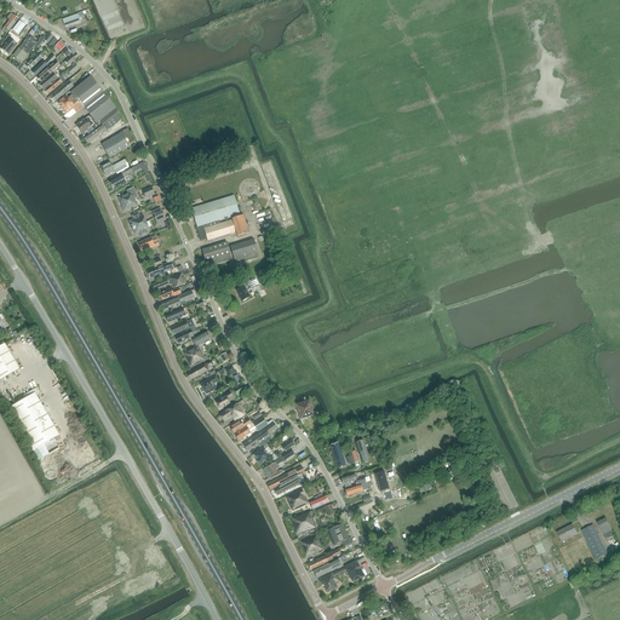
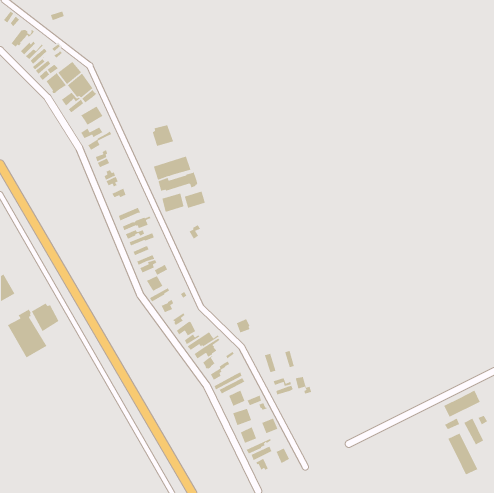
building: none -> [152,124,174,147]
building: none -> [31,303,60,332]
building: none -> [443,390,481,418]
building: none -> [447,432,478,476]

